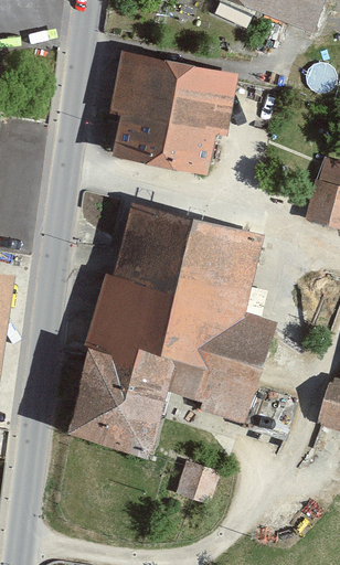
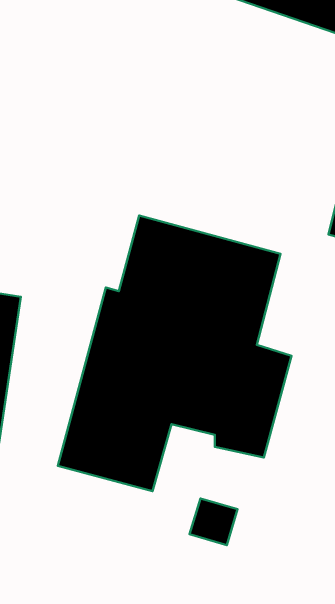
building: [104,51,237,179] -> none

